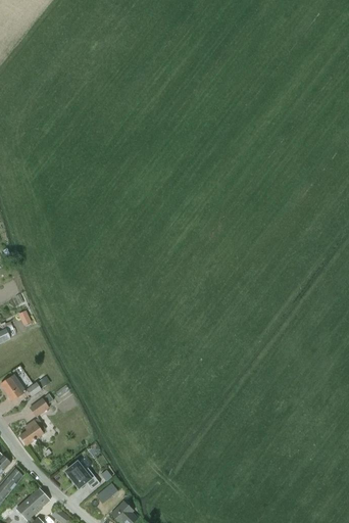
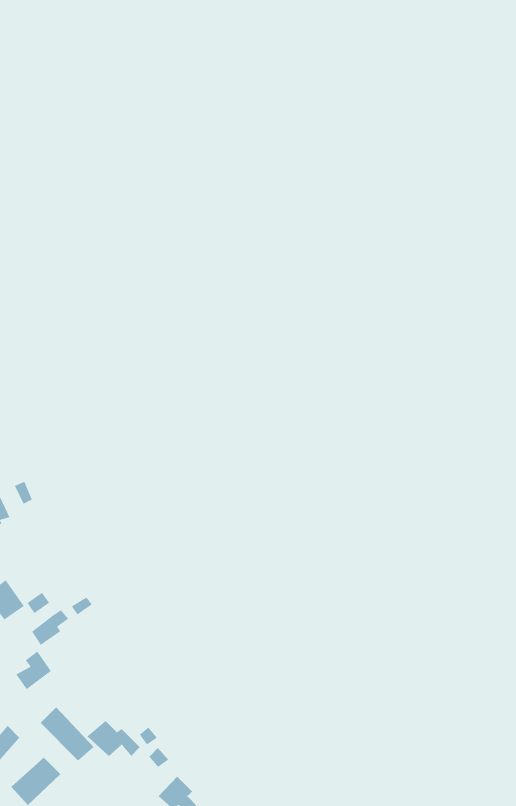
building: none -> [40,706,95,762]

